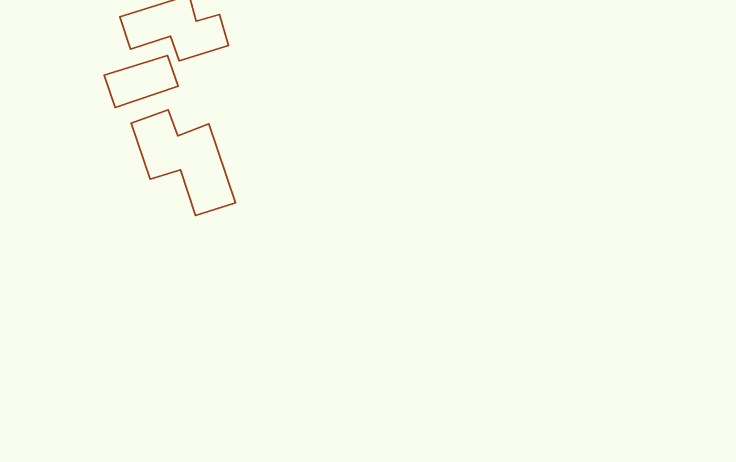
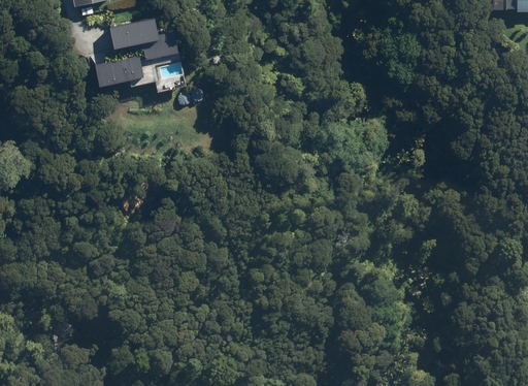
building: [131,110,235,216] -> none

